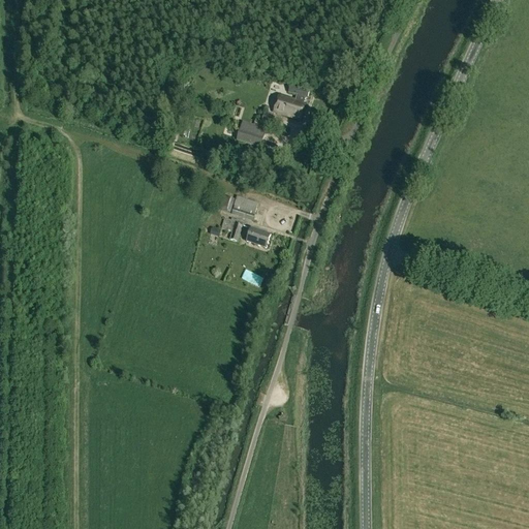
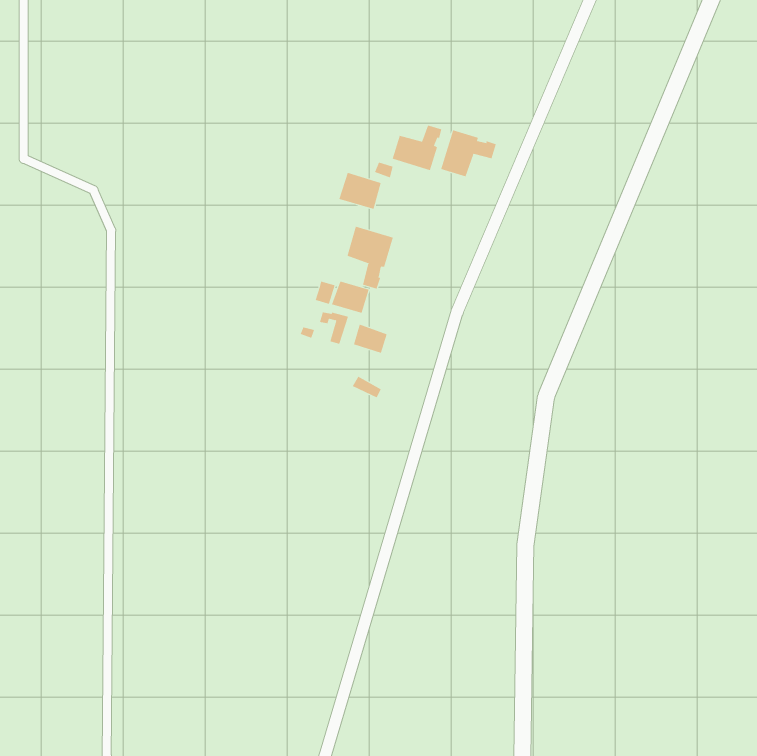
building: none -> [441,129,497,177]
building: none -> [347,226,394,290]

